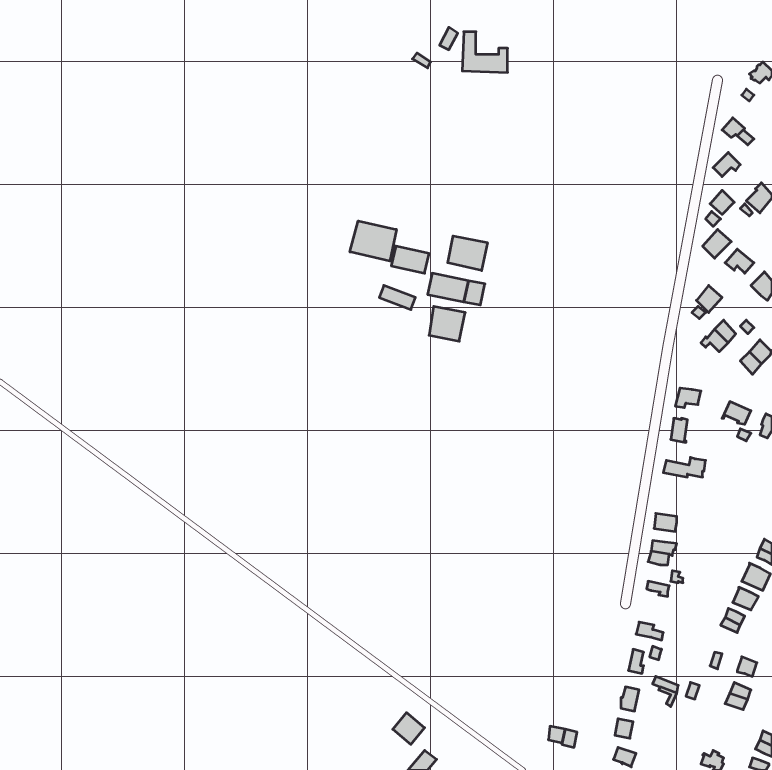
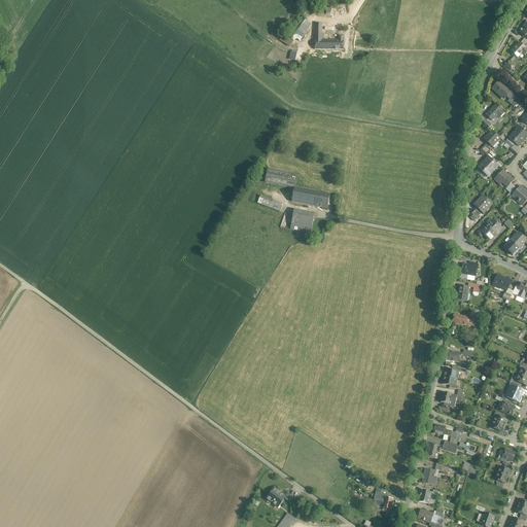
building: [350,221,396,261] -> none
building: [448,236,487,271] -> none

